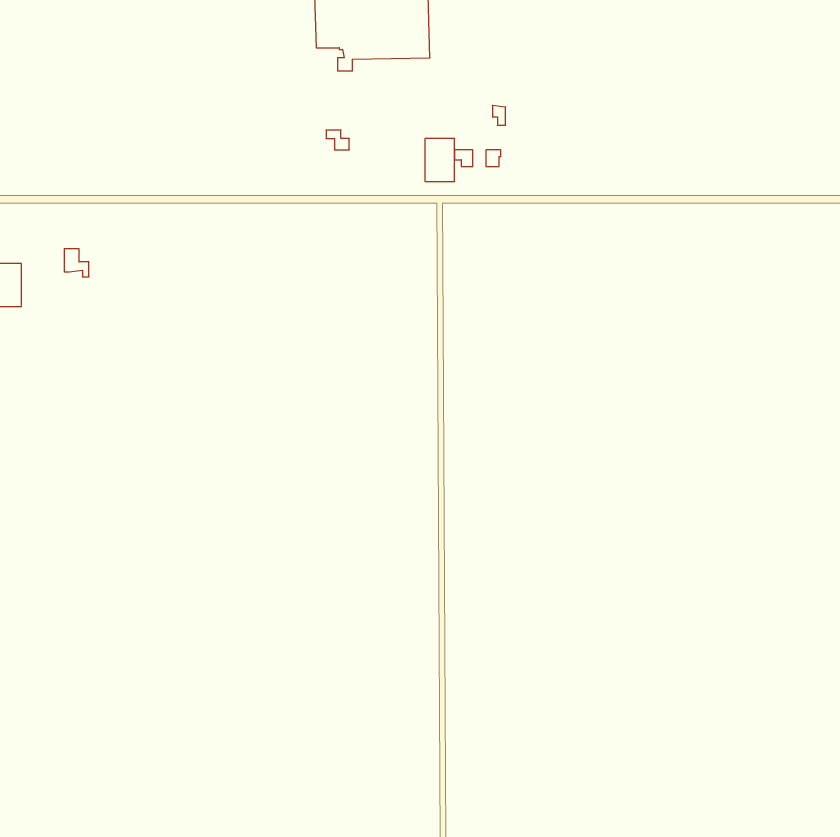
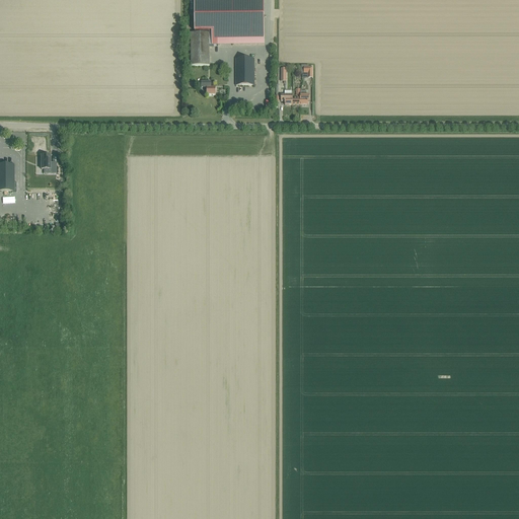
building: none -> [190,30,212,63]
building: [425,139,455,181] -> [235,57,253,83]

